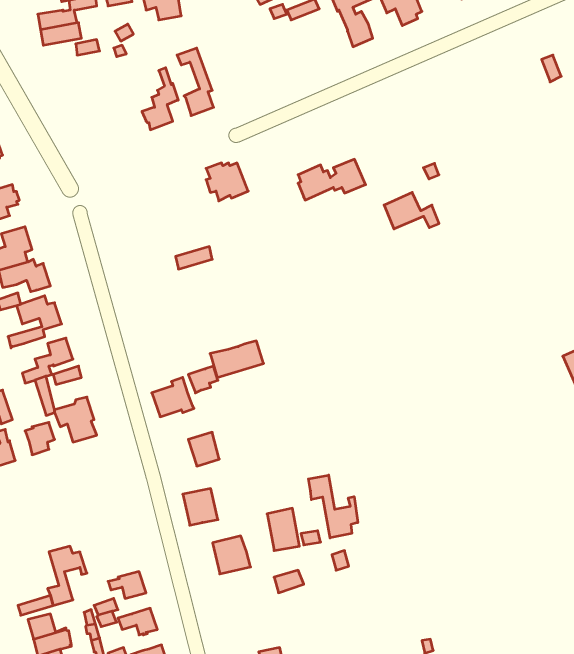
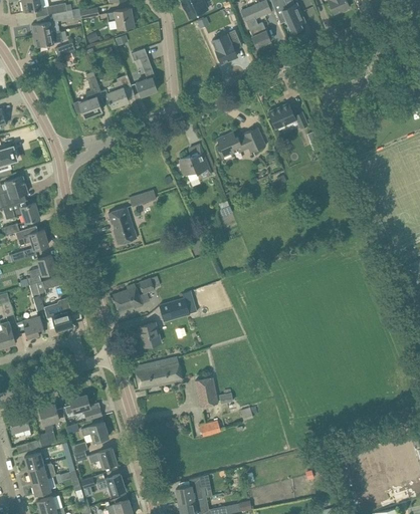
building: none -> [212,30,238,62]
building: none -> [73,71,101,116]
building: [206,163,248,201] -> [181,154,211,181]
building: [384,192,439,229] -> [268,102,307,128]
building: none -> [109,207,136,244]
building: [210,341,264,378] -> [159,295,197,321]
building: [308,475,358,538] -> none
building: none -> [64,395,101,419]
building: [213,536,251,574] -> [155,357,182,384]
building: none -> [9,411,34,436]

